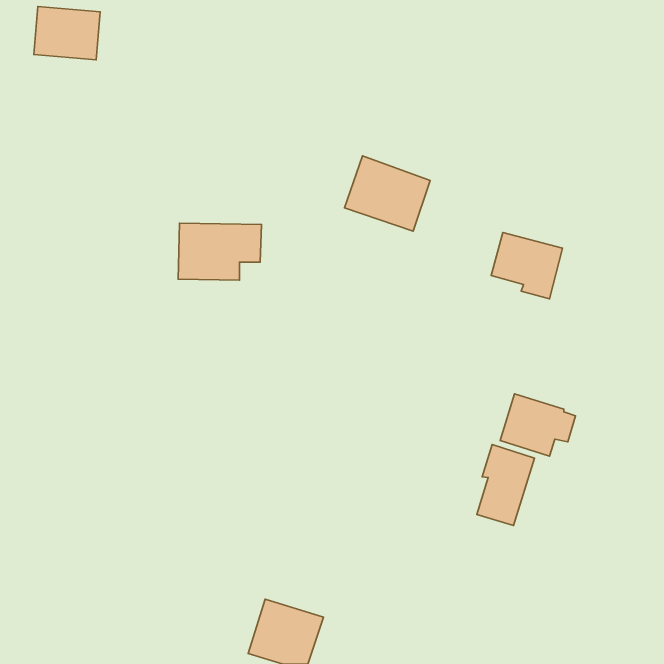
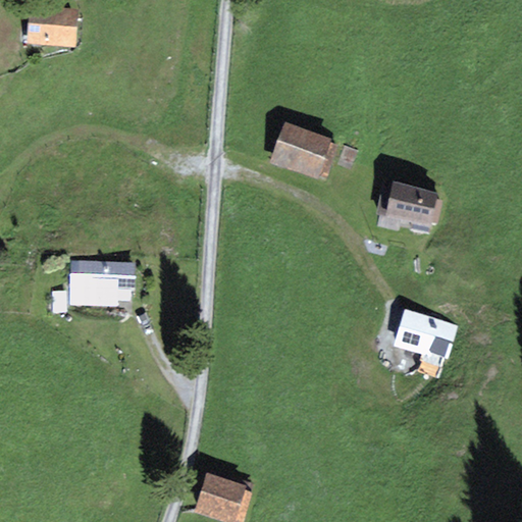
building: [178,223,261,280] -> [70,261,136,306]
building: [477,444,535,525] -> none

